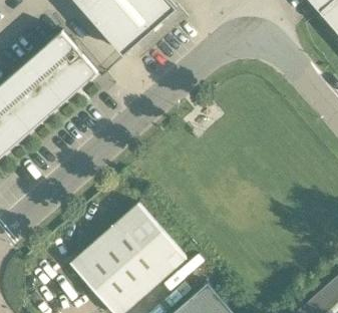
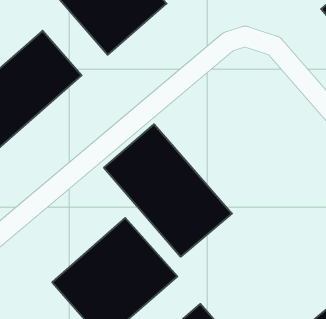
building: none -> [104,124,232,257]

